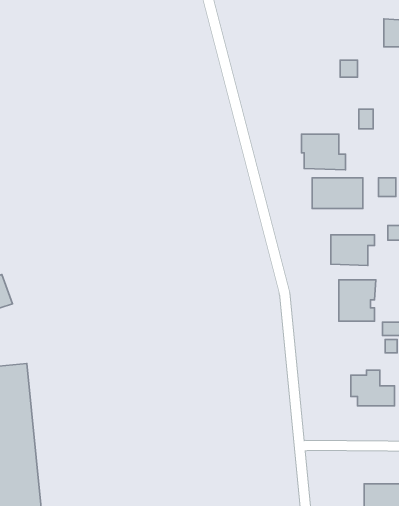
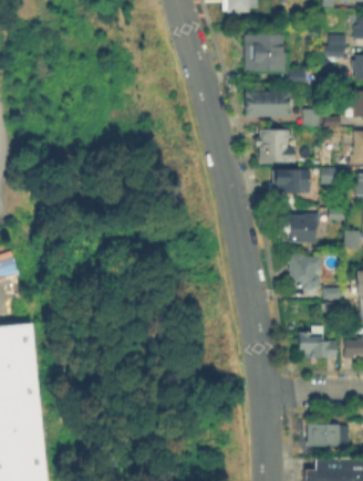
building: none -> [245,35,287,74]
building: none -> [245,94,289,118]

